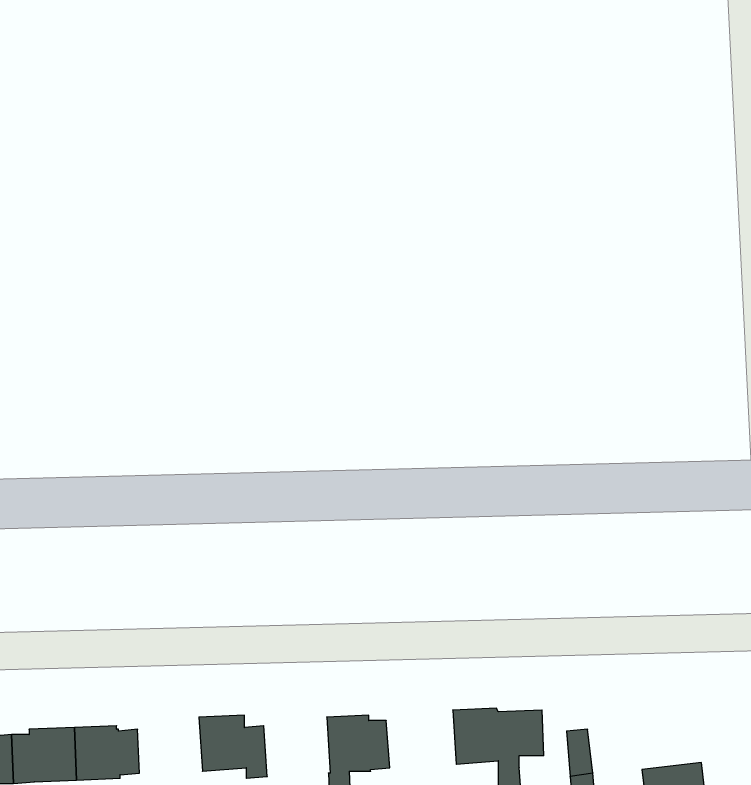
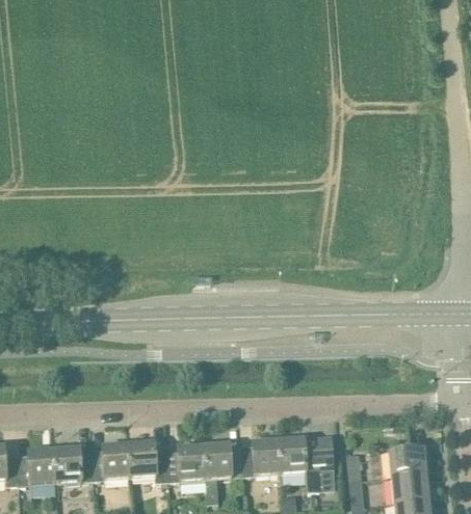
building: none -> [239,439,281,475]
building: none -> [91,443,130,477]
building: none -> [166,443,206,479]
building: none -> [389,445,426,475]

